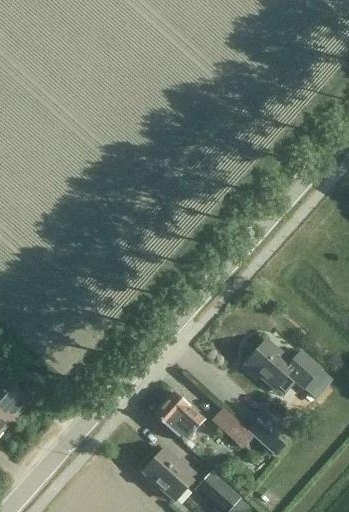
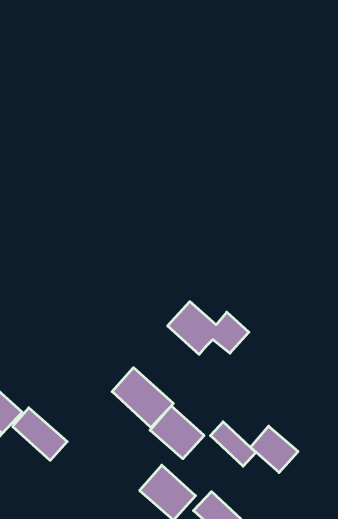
building: [245,340,322,390] -> [168,302,249,354]
building: none -> [112,368,173,428]
building: none -> [13,408,67,460]

